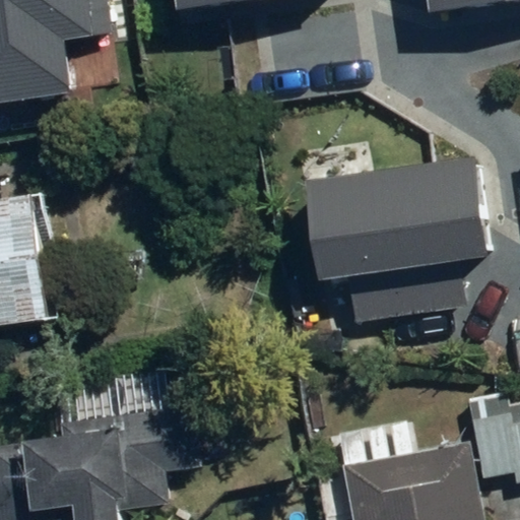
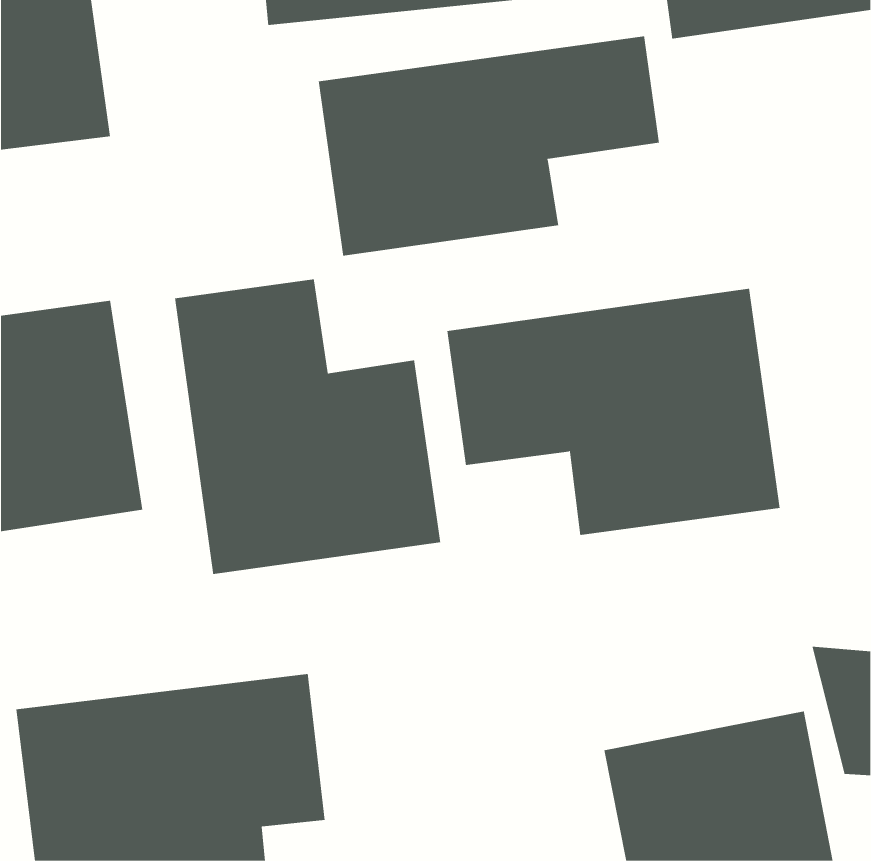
building: none -> [318,35,660,257]
building: none -> [175,278,441,575]

